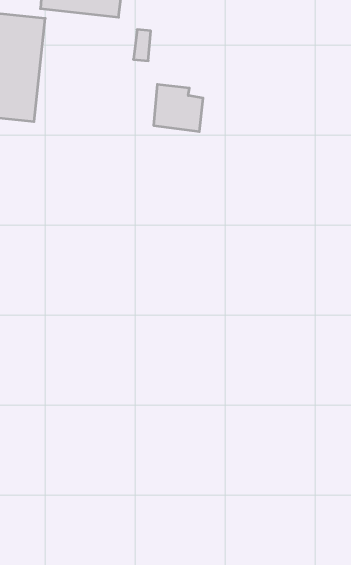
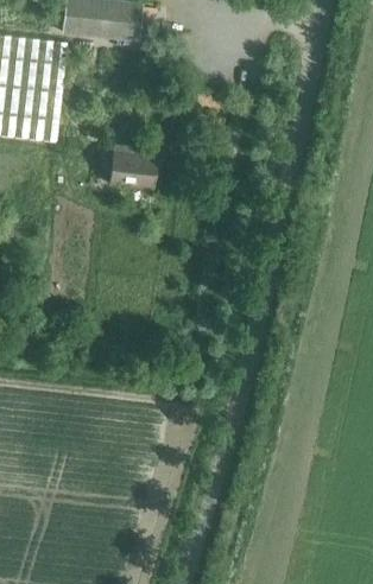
building: [154,84,203,132] -> [108,144,156,189]

